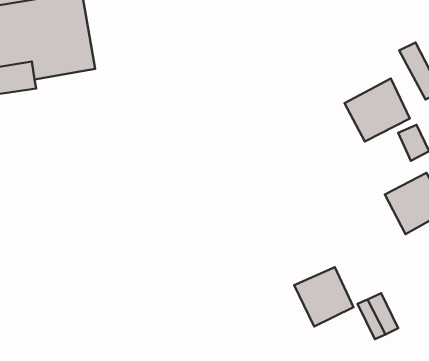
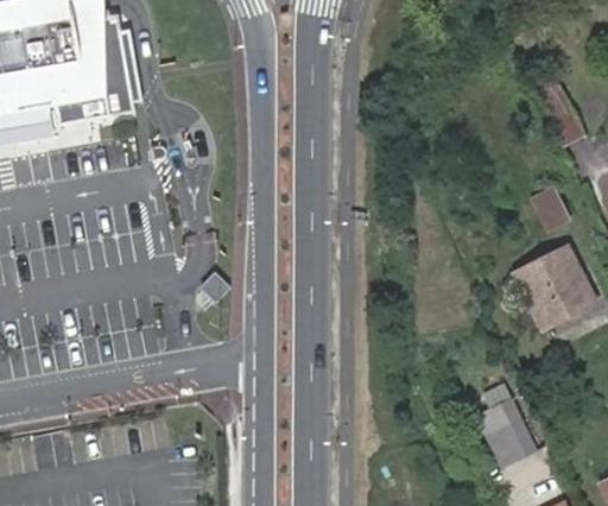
building: [344,79,410,141] -> none
building: [294,267,354,326] -> none

